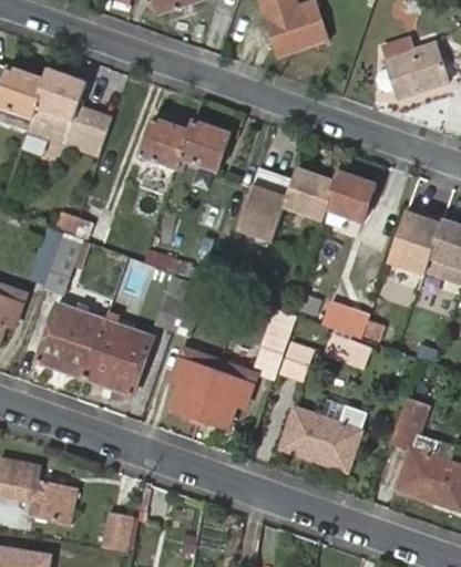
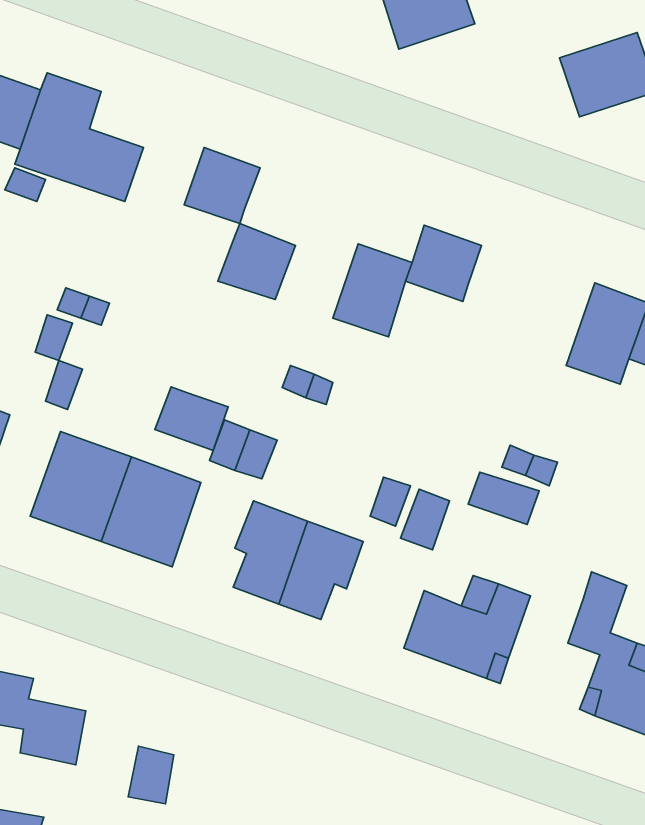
building: [178,121,229,171] -> [218,224,296,300]
building: [325,173,375,221] -> none
building: none -> [155,387,228,450]

